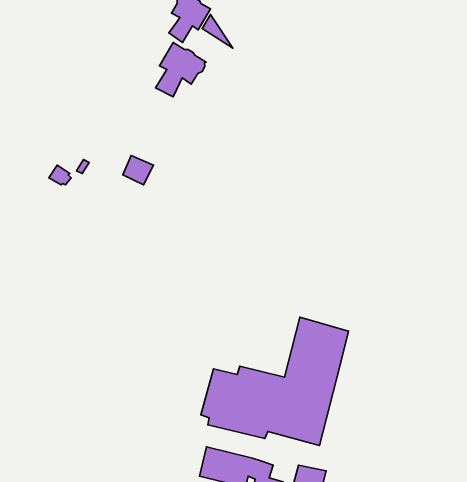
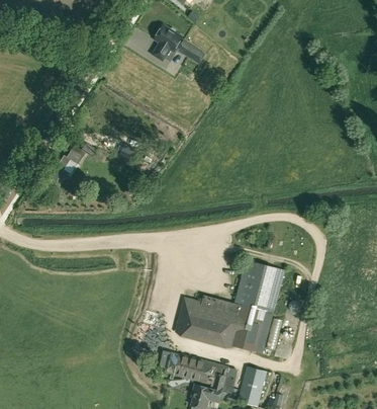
building: [155,43,206,97] -> none

